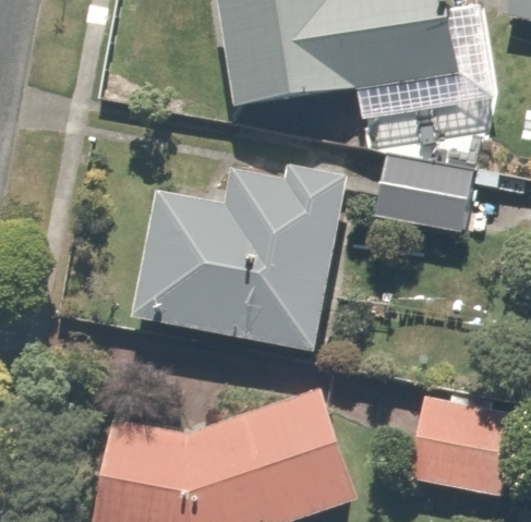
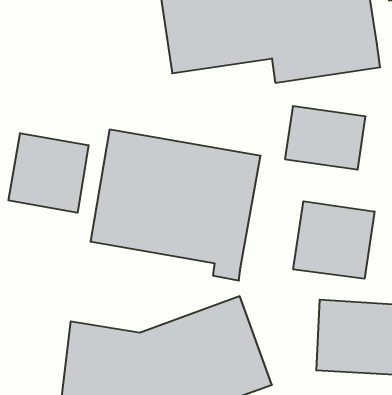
building: none -> [8,133,88,213]
building: none -> [293,201,374,279]

